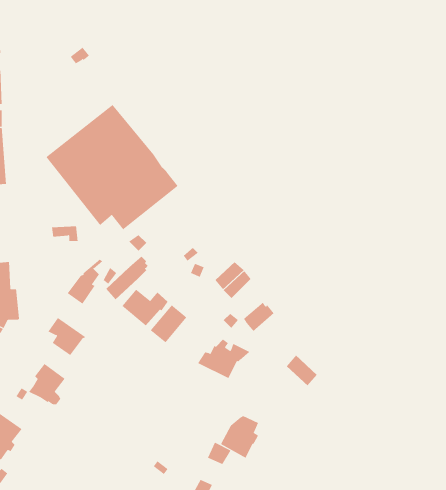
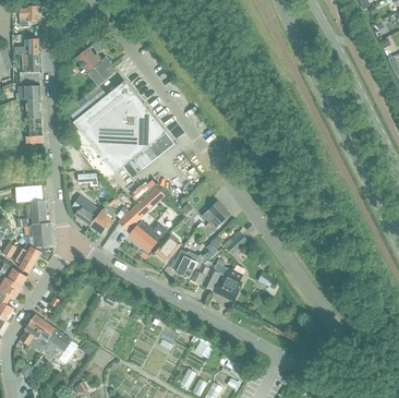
building: none -> [75,47,111,85]
building: [48,317,86,356] -> [71,195,100,225]
building: none -> [169,249,209,278]
building: [28,363,66,405] -> [43,328,71,360]
building: [220,416,259,459] -> [213,268,242,301]

